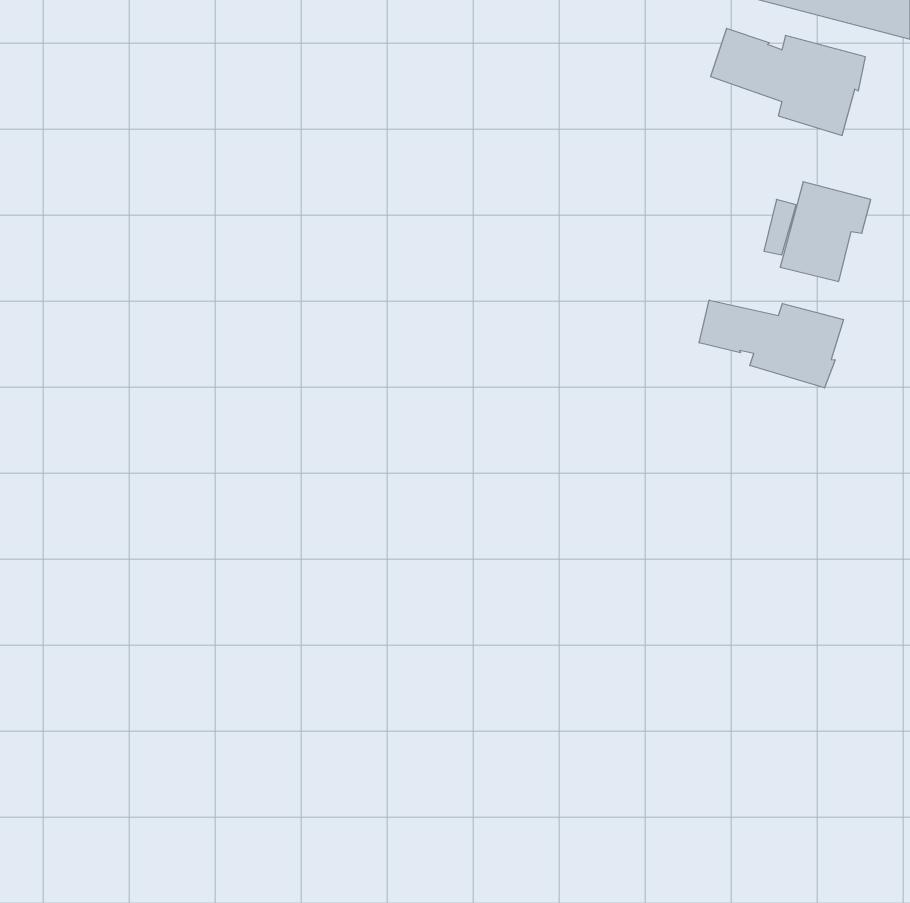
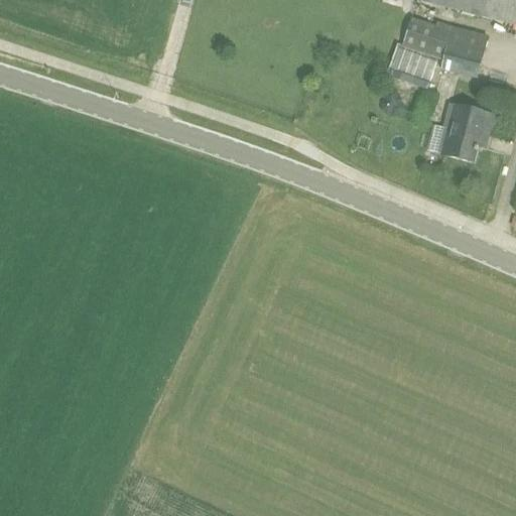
building: none -> [386,44,437,88]
building: [699,300,843,388] -> none

